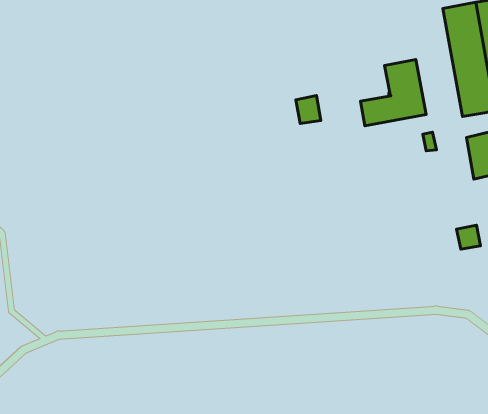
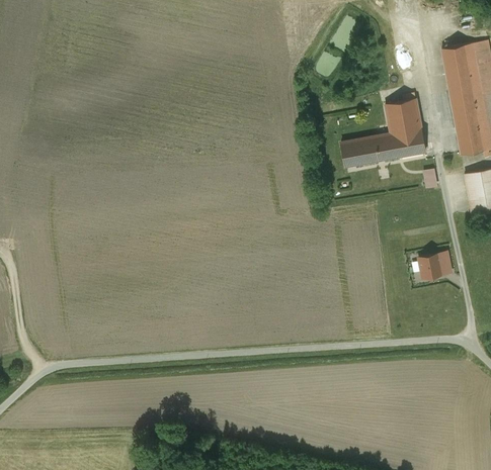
building: [296,96,321,124] -> [342,139,366,167]
building: [457,225,481,249] -> [420,255,443,278]

